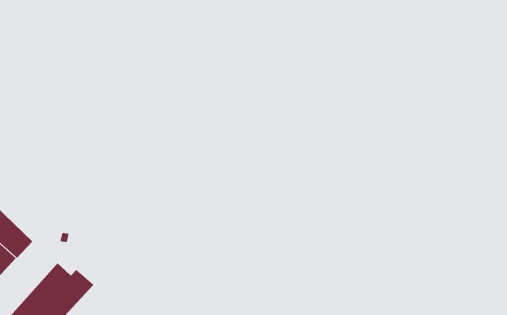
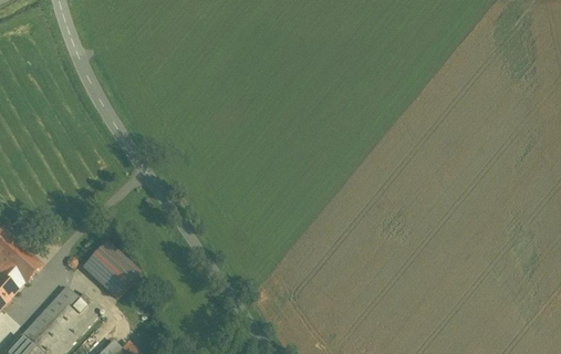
building: none -> [83,241,139,296]

